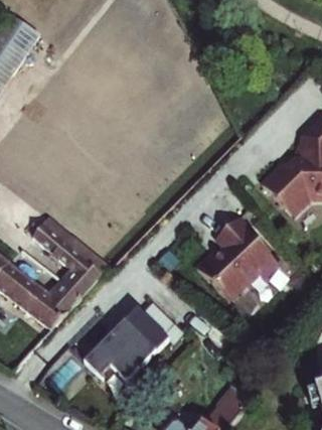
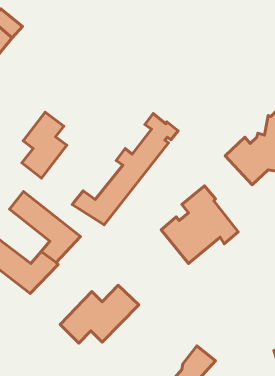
building: none -> [22,112,67,178]
building: none -> [72,114,178,225]

